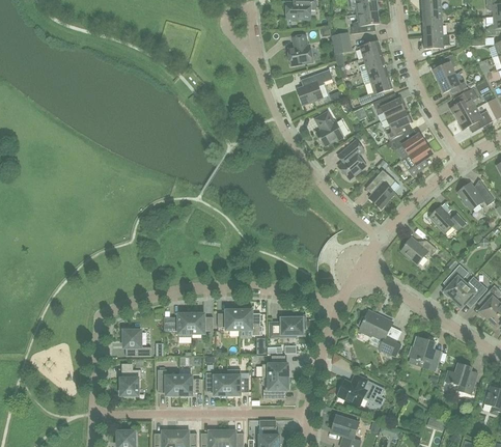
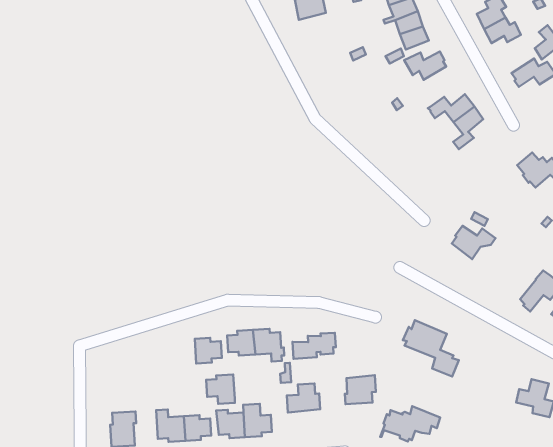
building: [297,68,333,104] -> none
building: [450,87,479,117] -> none
building: [385,109,413,140] -> none
building: [314,110,343,144] -> none
building: [338,139,366,178] -> none
building: [369,168,395,207] -> none
building: [429,204,466,231] -> none
building: [443,263,469,298] -> none
building: [170,313,192,336] -> [206,374,235,404]
building: [123,329,151,355] -> none
building: [409,336,441,369] -> none
building: [263,375,288,397] -> [345,375,376,404]

